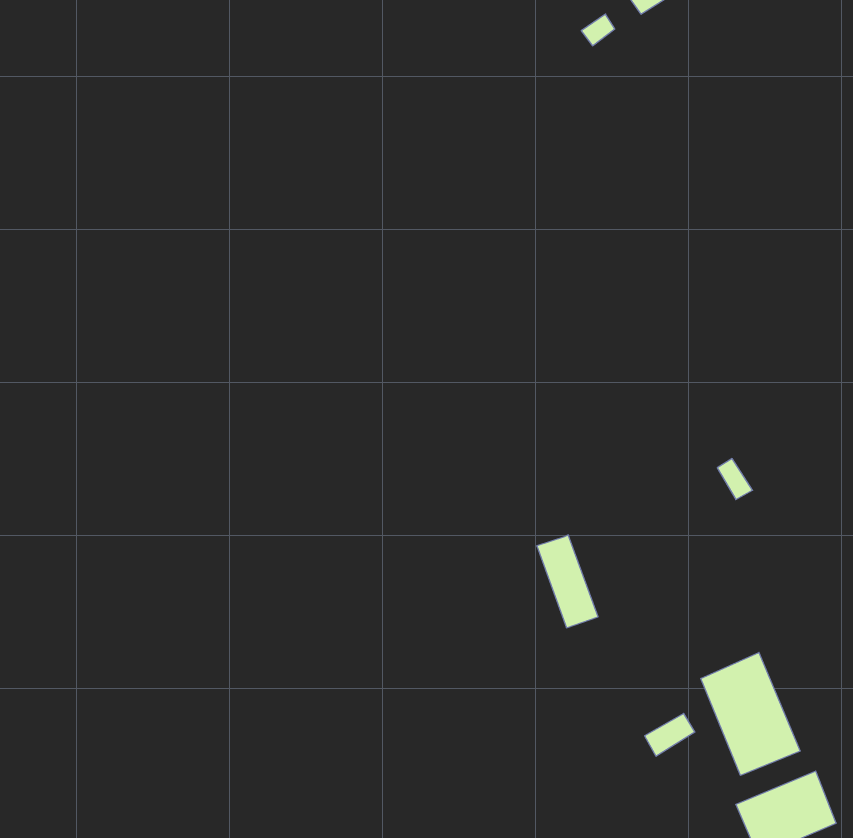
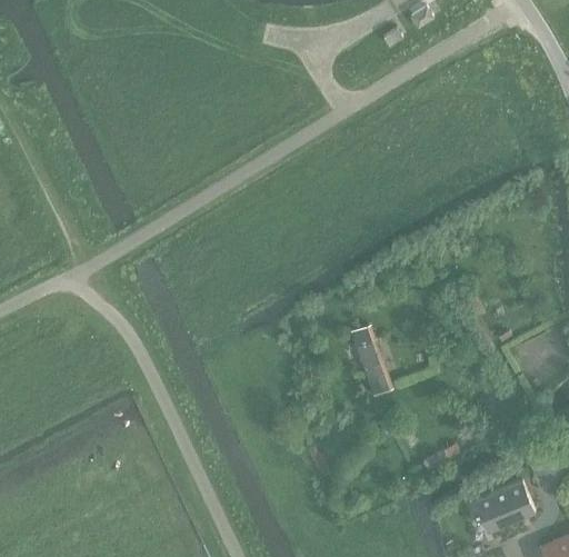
building: [701,652,800,775] -> none

